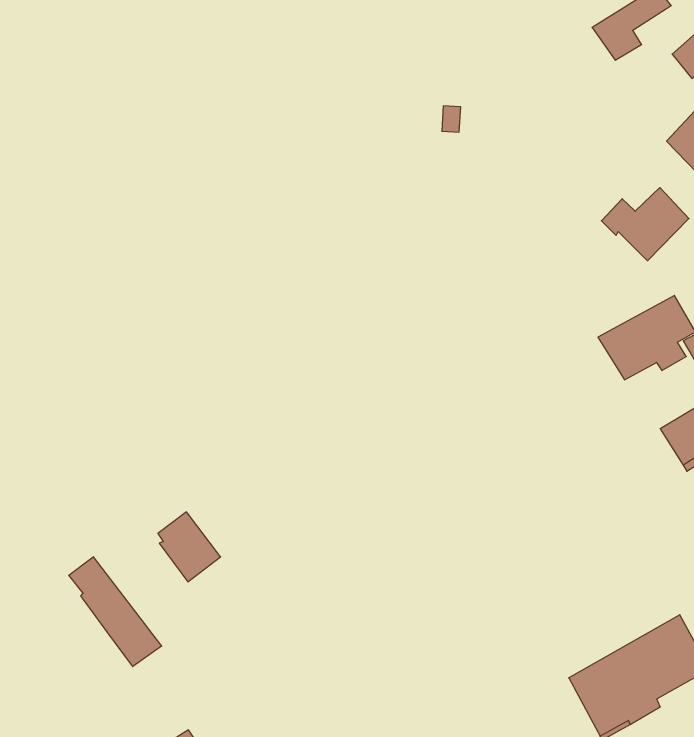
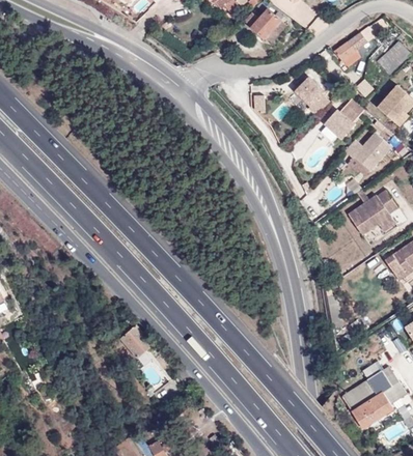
building: none -> [292,77,330,120]
building: none -> [323,99,363,141]
building: [69,557,162,667] -> none

